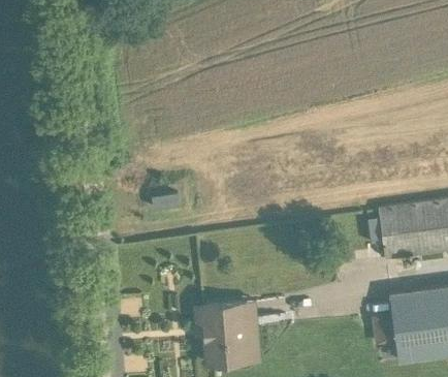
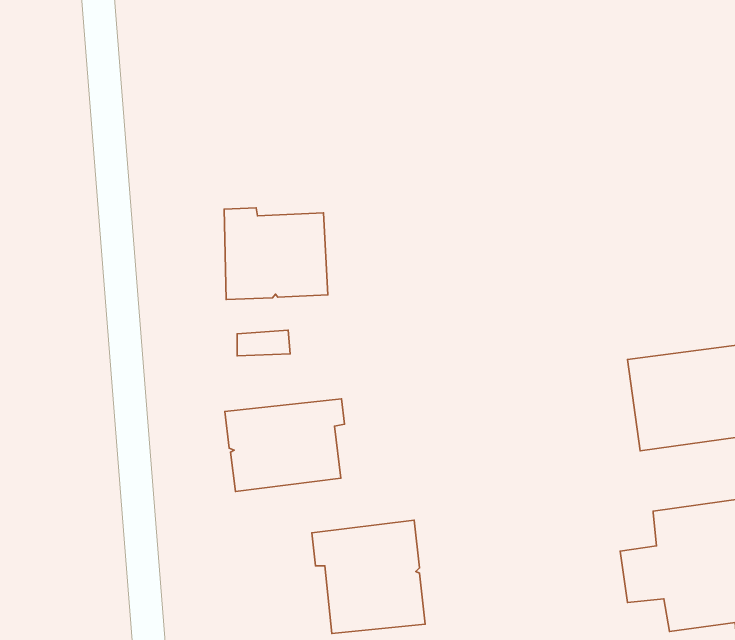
building: none -> [224,208,328,299]
building: none -> [225,399,345,492]

